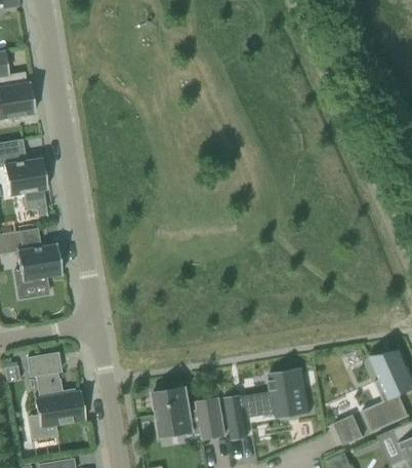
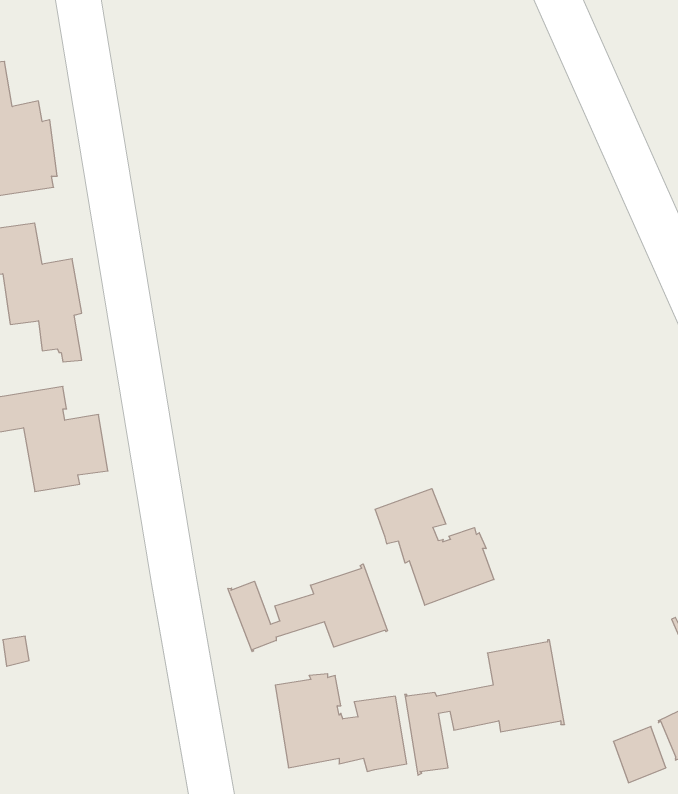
building: none -> [375,489,494,605]
building: none -> [228,564,387,652]
building: [26,353,84,428] -> none

